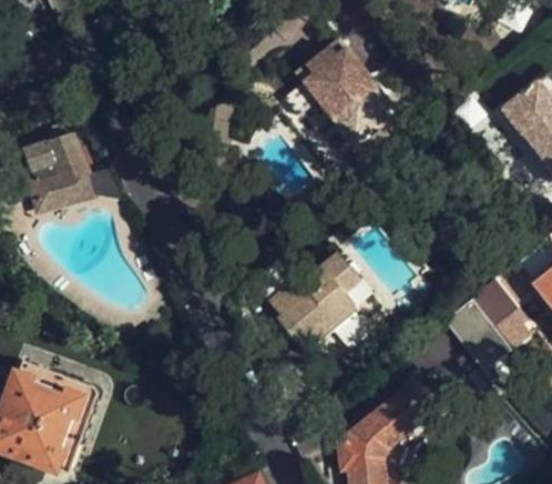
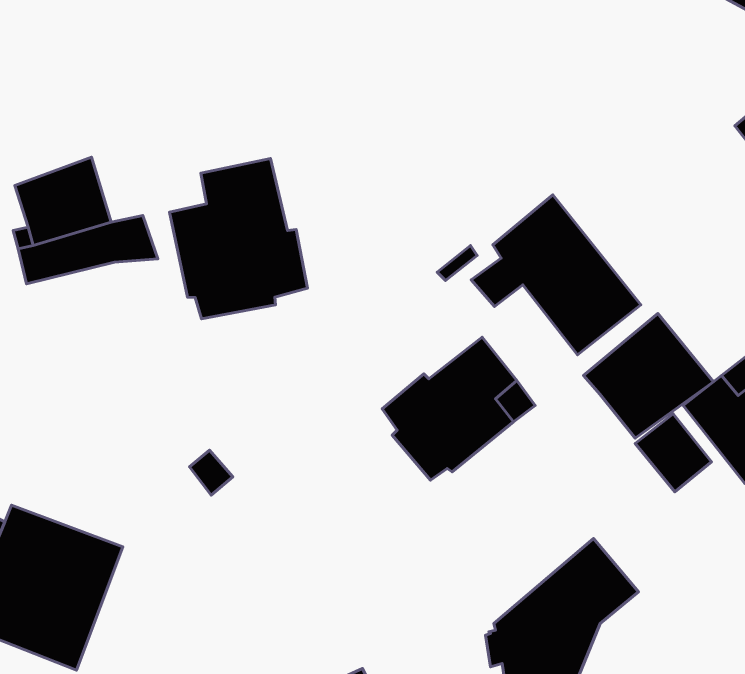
building: [283,39,396,145] -> [471,195,641,355]
building: none -> [170,158,307,319]
building: none -> [584,314,713,438]

